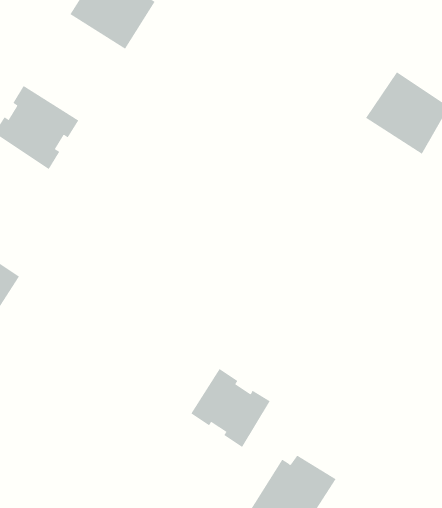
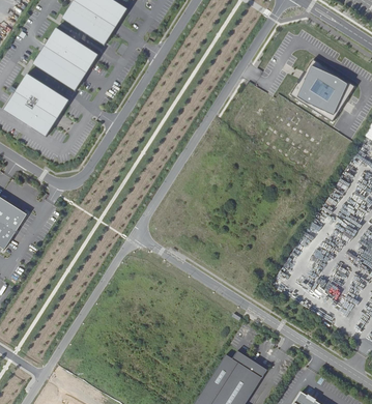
building: none -> [34,25,99,88]
building: [190,368,270,448] -> none

